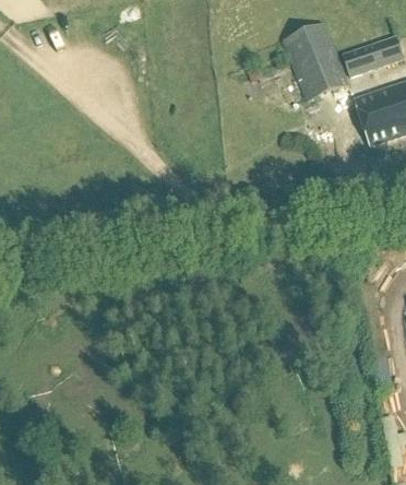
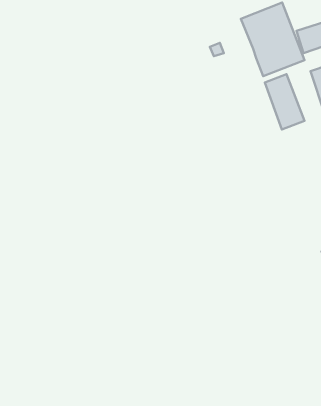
building: none -> [265,74,305,130]

